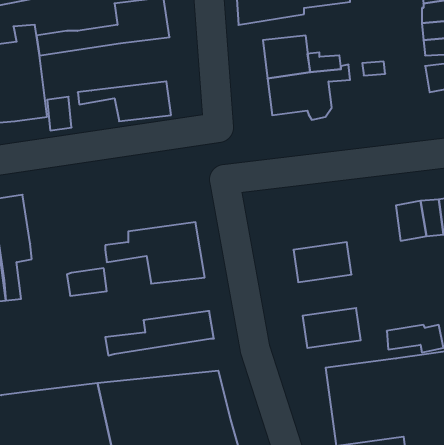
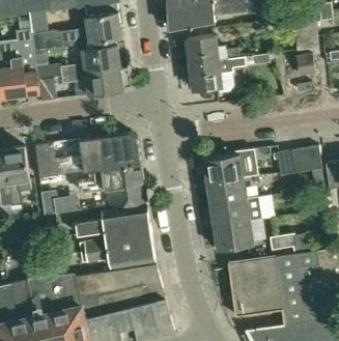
building: none -> [37,46,120,79]
building: none -> [34,132,140,177]
building: none -> [202,148,255,182]
building: none -> [209,198,261,227]
building: none -> [75,205,148,233]
building: none -> [81,243,153,266]

